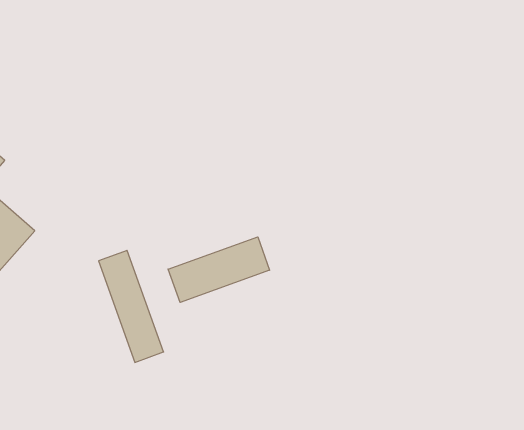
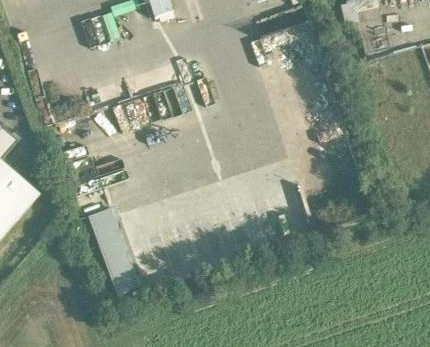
building: [168,237,270,302] -> none

